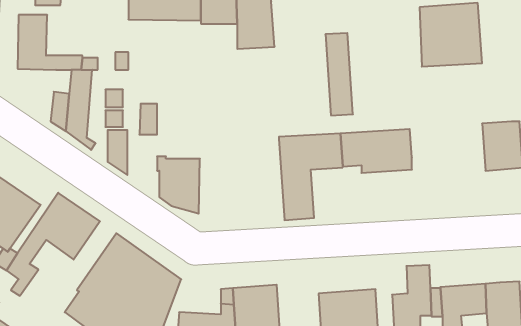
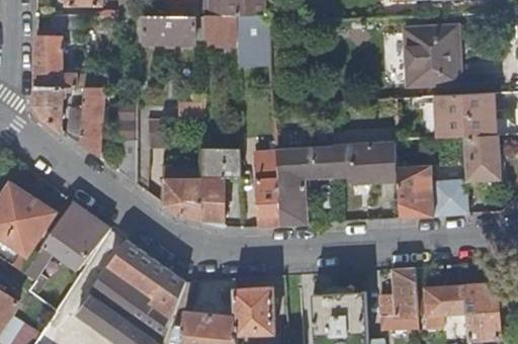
building: [325,33,353,115] -> [255,152,280,228]
building: none -> [34,87,70,133]
building: none -> [435,93,494,139]
building: none -> [201,148,239,227]
building: none -> [398,166,467,219]

